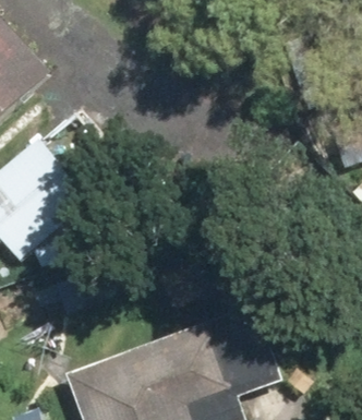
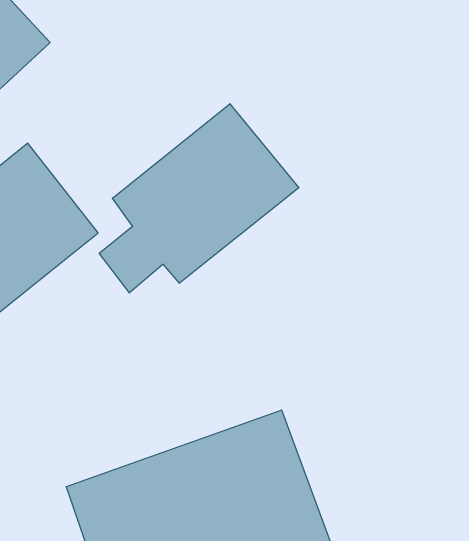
building: none -> [99,104,299,293]

